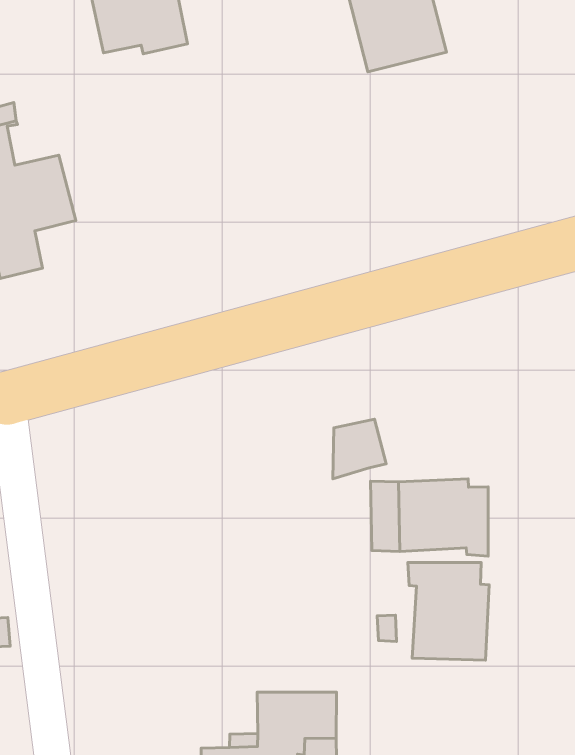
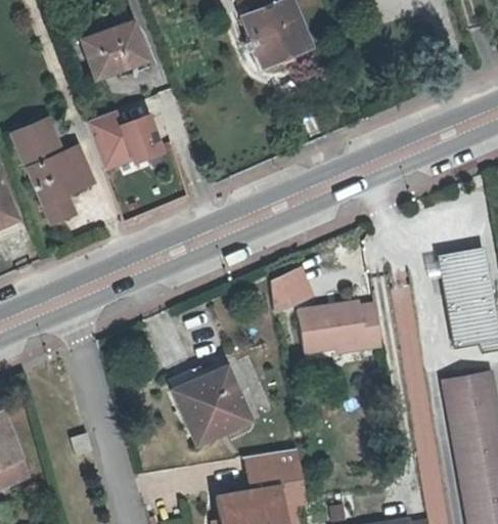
building: none -> [87,108,163,168]
building: none -> [168,365,253,444]
building: [408,562,489,660] -> none

